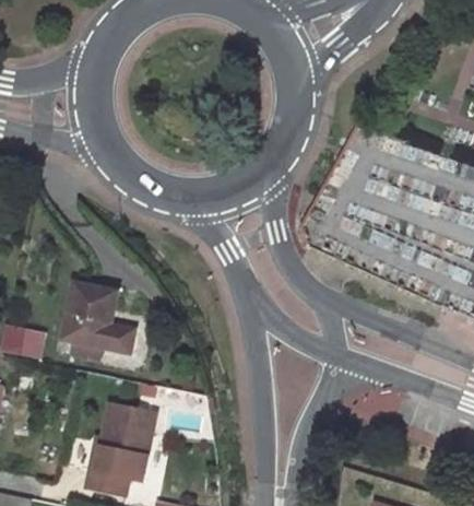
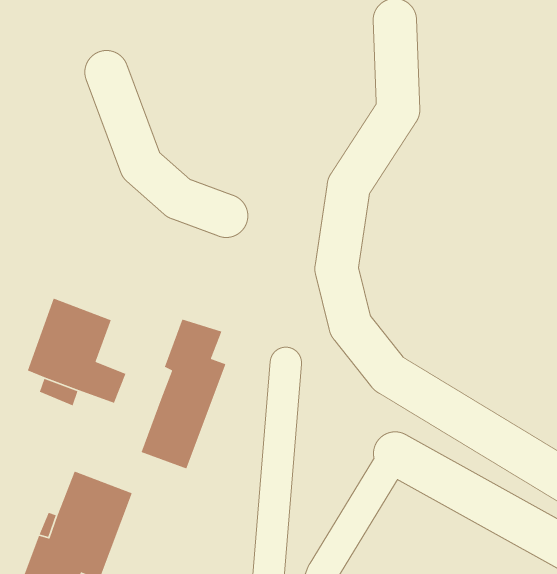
building: none -> [141,319,226,470]

